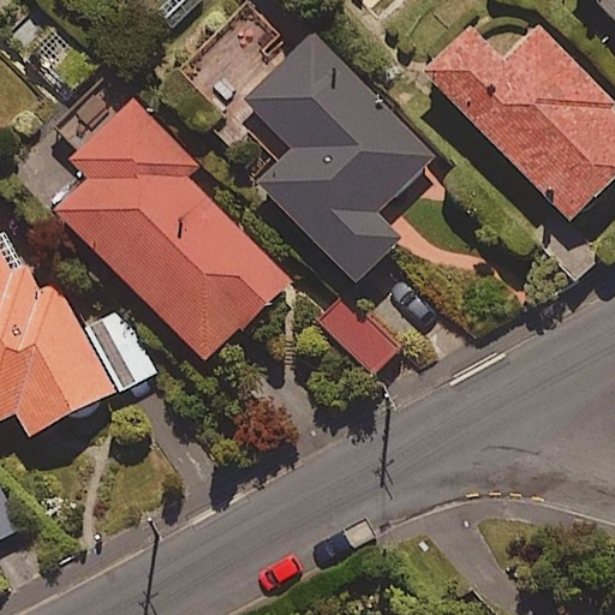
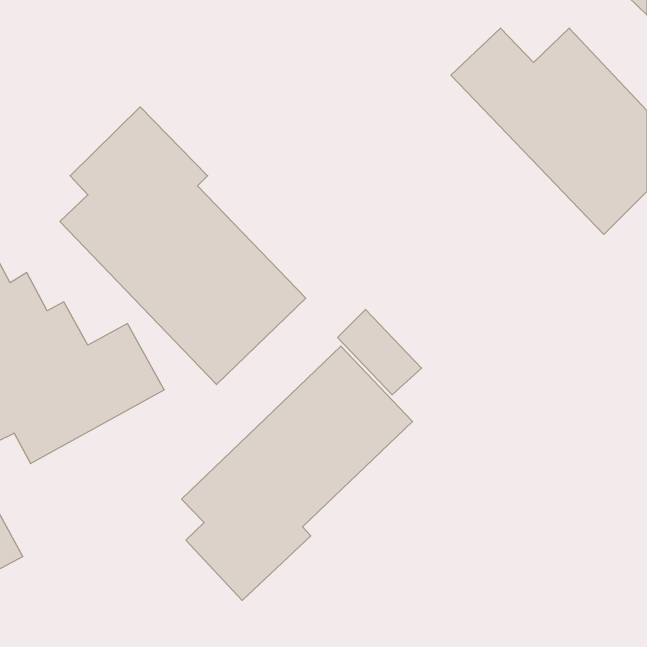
building: [246,35,430,282] -> none
building: none -> [182,346,413,600]

